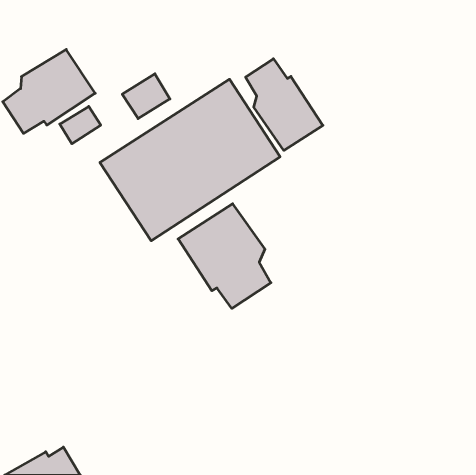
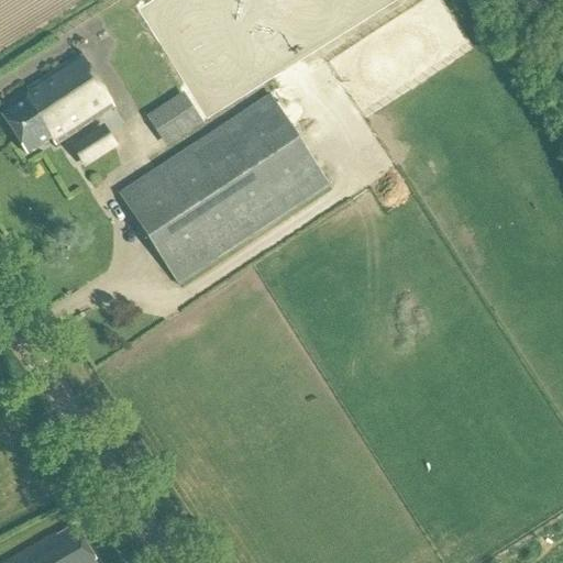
building: [246,59,323,150] -> none
building: [178,204,271,308] -> none

